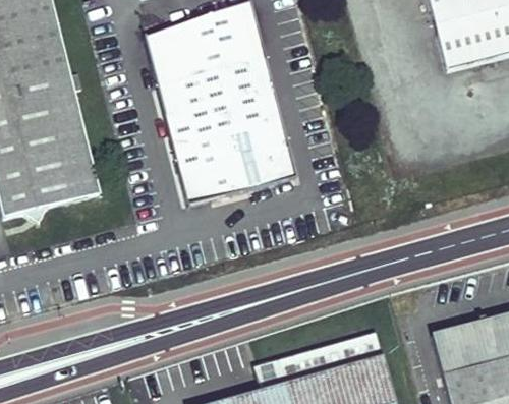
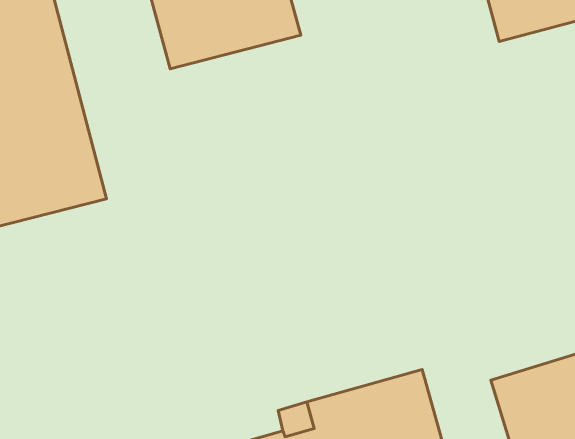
building: [159,56,301,205] -> none

